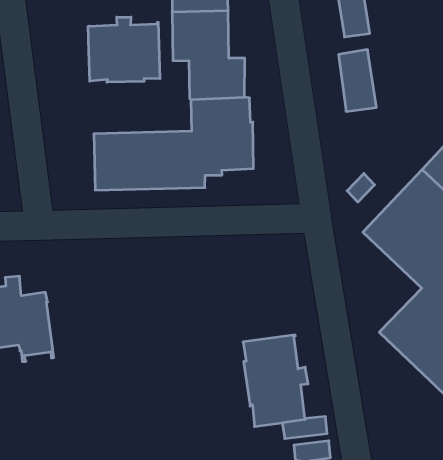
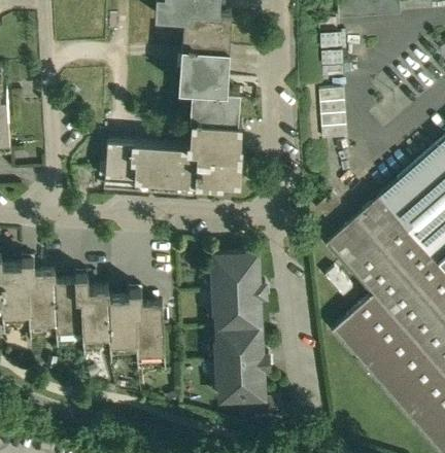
building: [88,17,160,82] -> none
building: none -> [213,254,266,328]
building: none -> [55,272,165,360]

